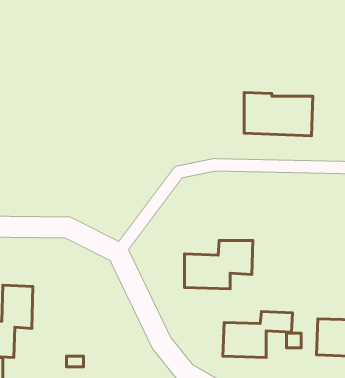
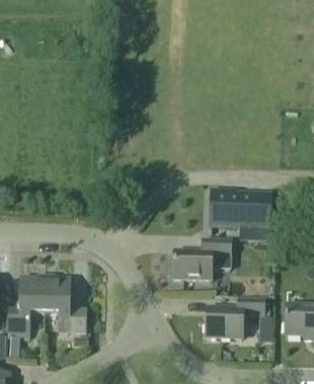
building: [244,92,313,136] -> [212,192,269,228]
building: none -> [45,279,86,333]

